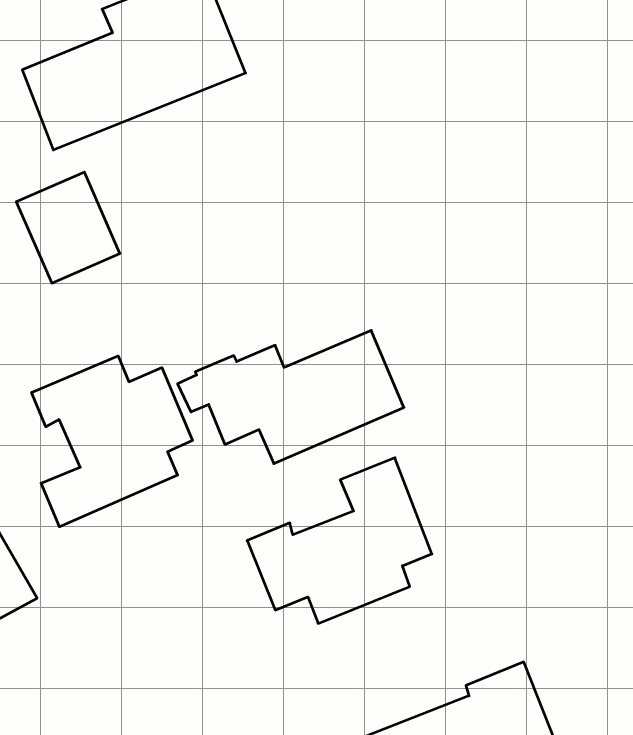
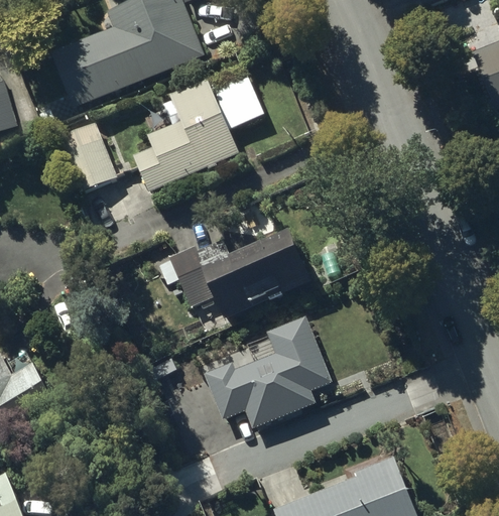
building: none -> [132,68,264,192]
building: [32,356,193,527] -> none

